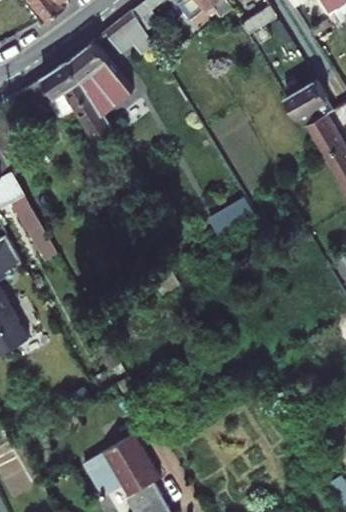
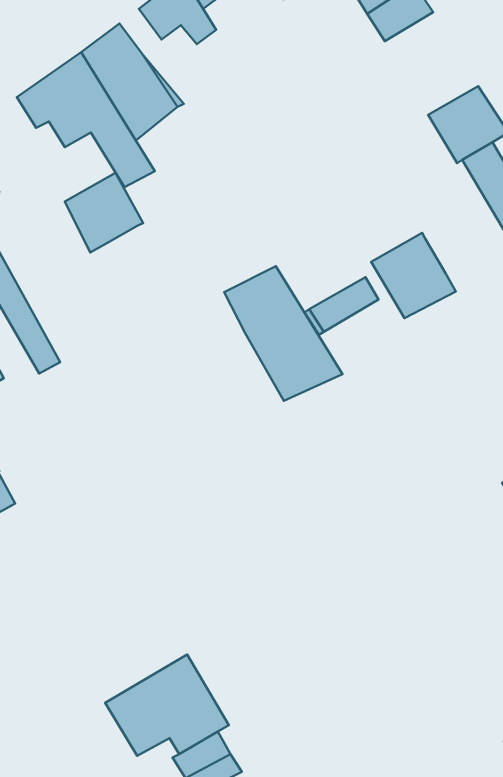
building: none -> [65,173,143,252]
building: none -> [371,233,456,318]
building: none -> [224,266,343,401]

